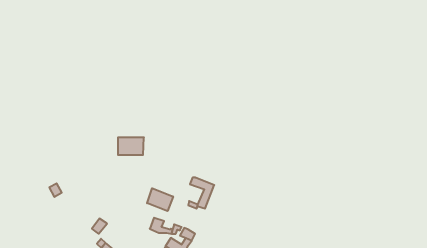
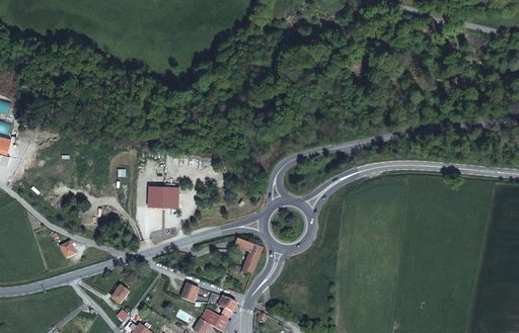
building: [147,188,173,211] -> none

